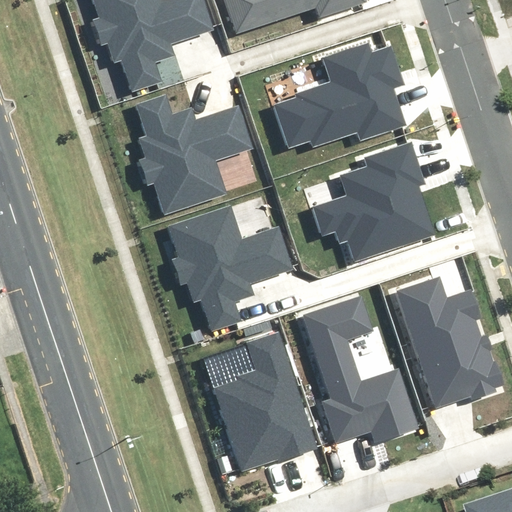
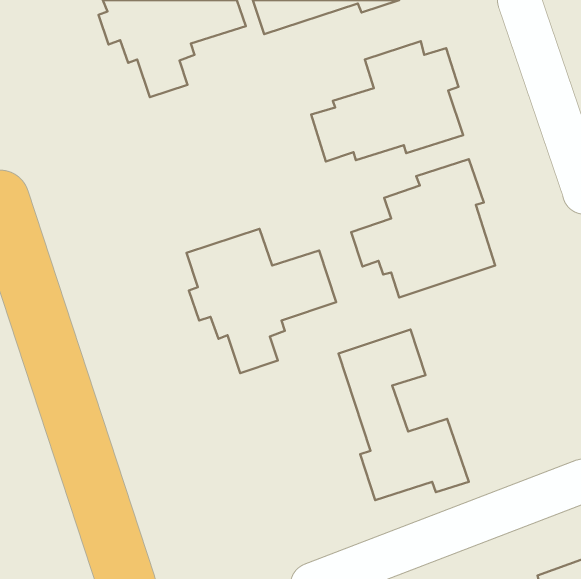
building: [135,92,256,214] -> none
building: [393,275,500,408] -> none
building: [217,329,318,470] -> none

